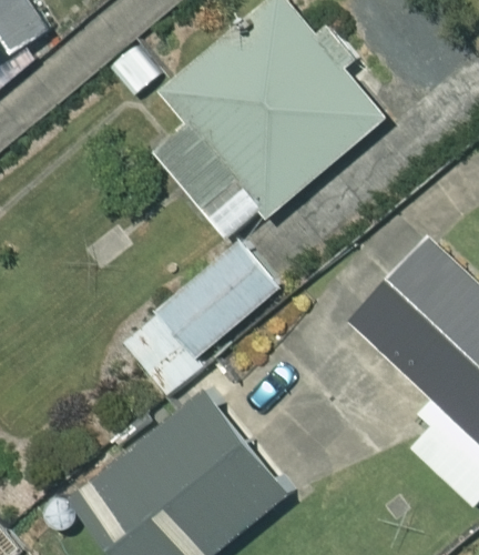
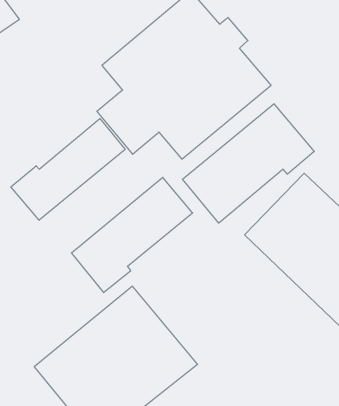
building: none -> [183,104,314,223]
building: none -> [11,119,125,220]

